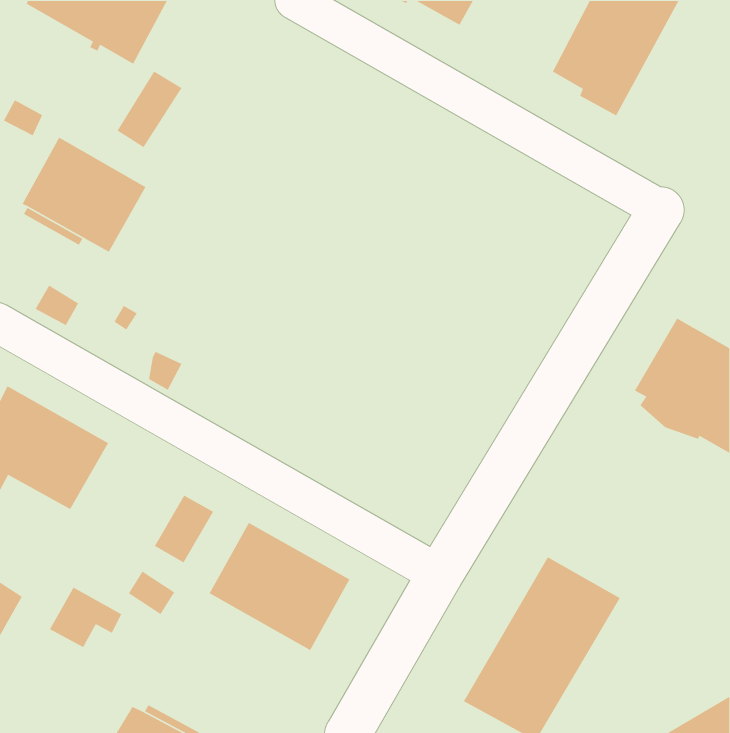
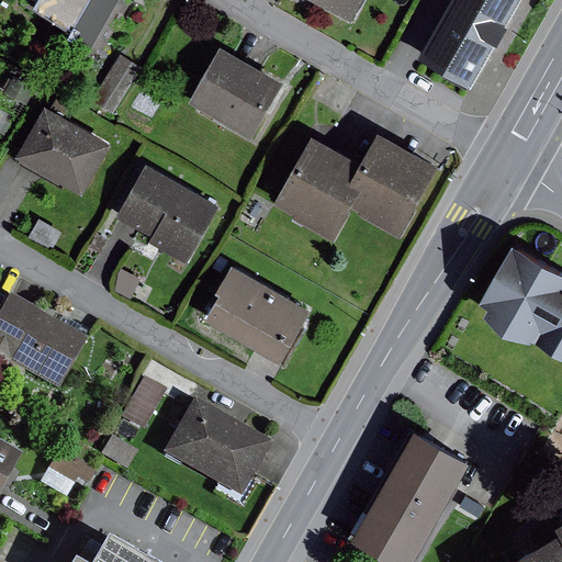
building: none -> [188,46,282,137]
building: none -> [272,132,438,238]
building: none -> [115,162,218,262]
building: none -> [205,265,312,363]

